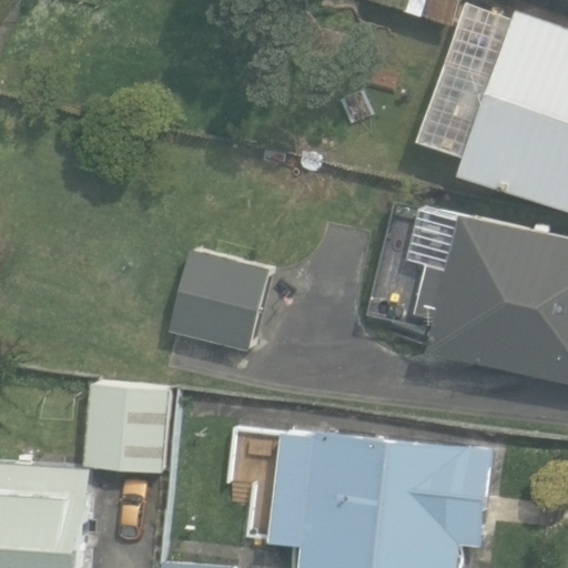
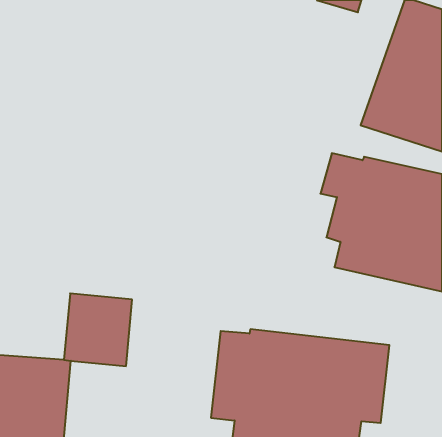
building: [168,252,268,355] -> none

